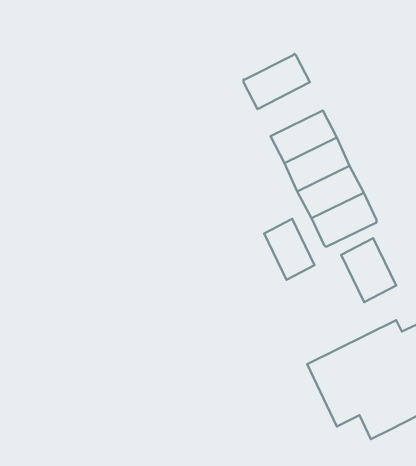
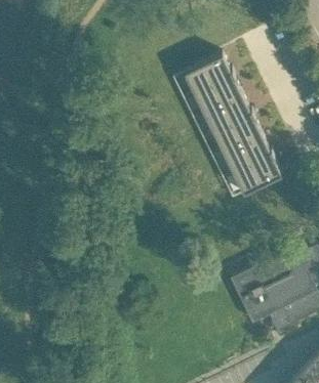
building: none -> [192,76,239,115]
building: [264,219,315,280] -> none
building: [341,238,396,302] -> none

